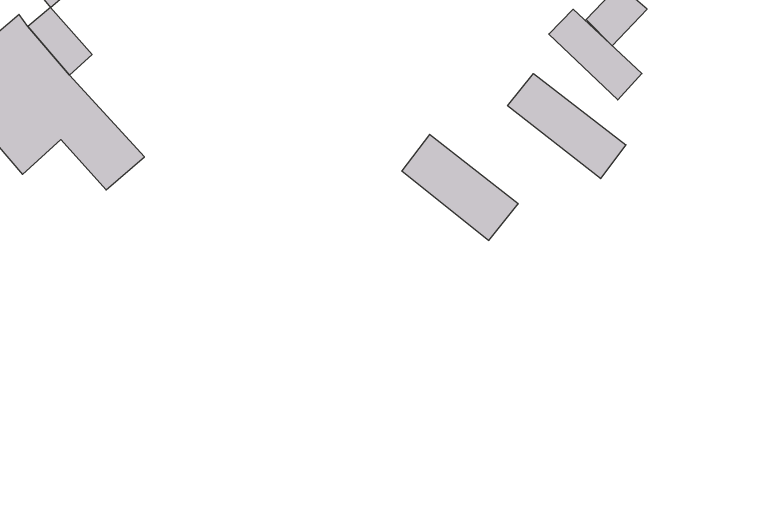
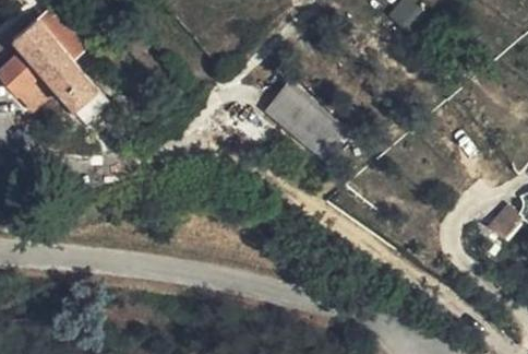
building: [549,9,642,100] -> none
building: [508,74,626,179] -> none

